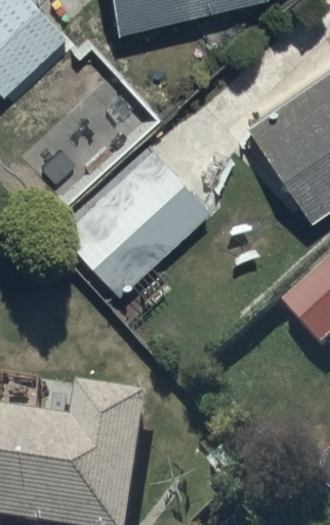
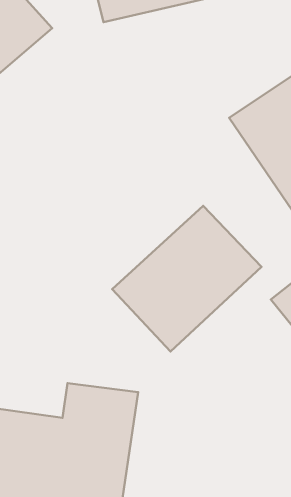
building: [58,146,208,292] -> [112,206,261,351]

